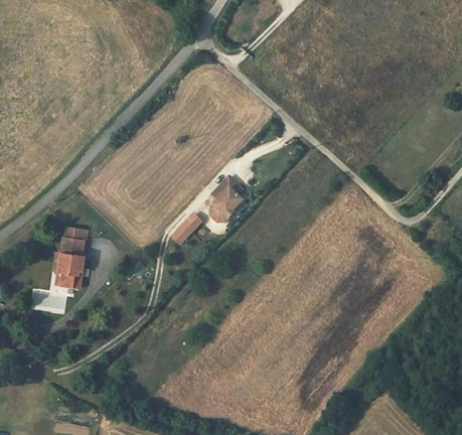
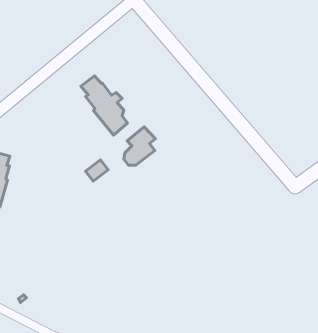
building: none -> [81,76,128,135]

